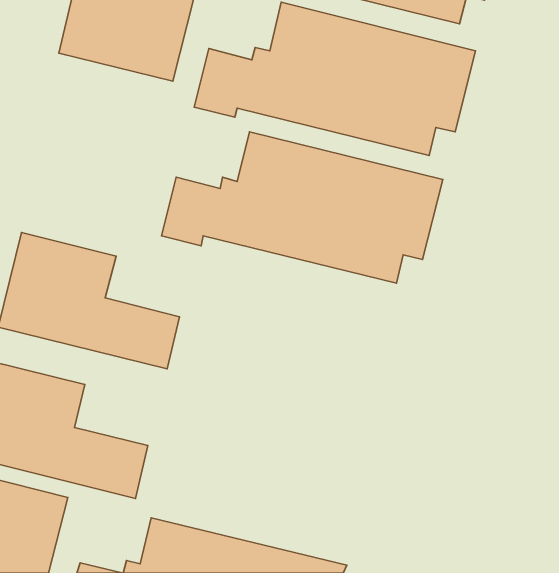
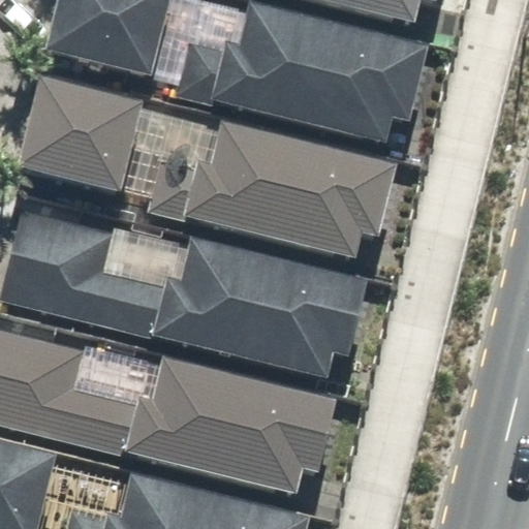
building: none -> [26,77,150,191]
building: none -> [160,241,375,378]
building: none -> [131,356,345,494]

